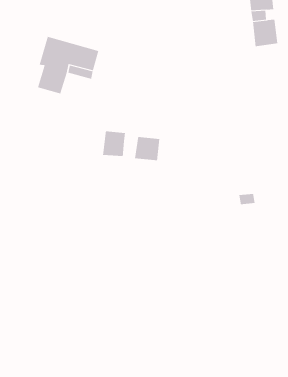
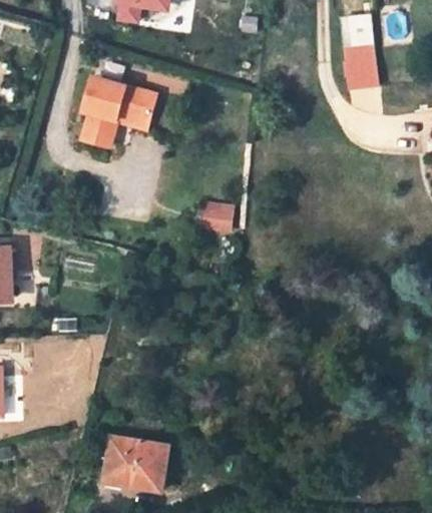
building: [103,130,125,157] -> none
building: none -> [106,436,168,490]

